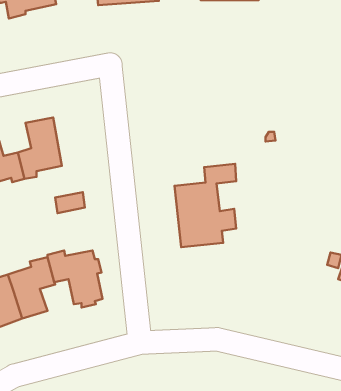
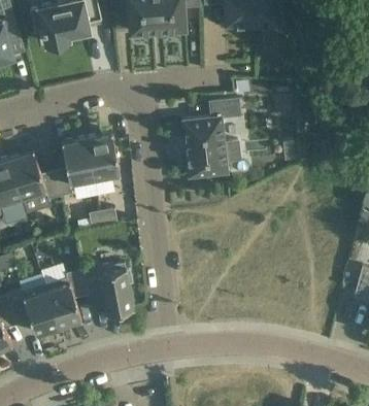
building: none -> [87,134,121,184]
building: [175,164,236,247] -> [183,101,241,179]

